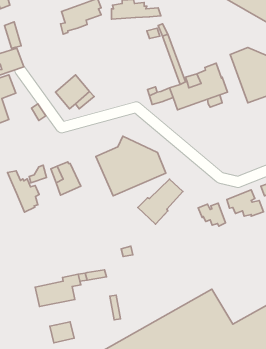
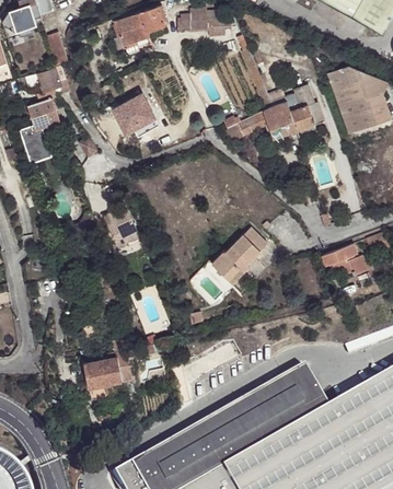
building: [96,136,166,196] -> none
building: [7,171,39,212] -> none
building: [198,203,225,226] -> none
building: [50,322,74,343] -> none

